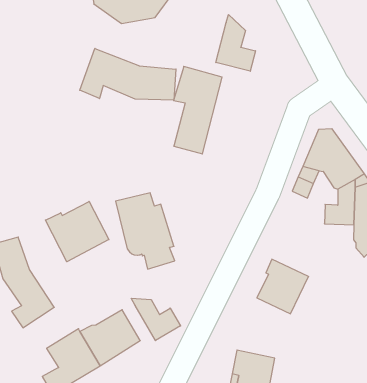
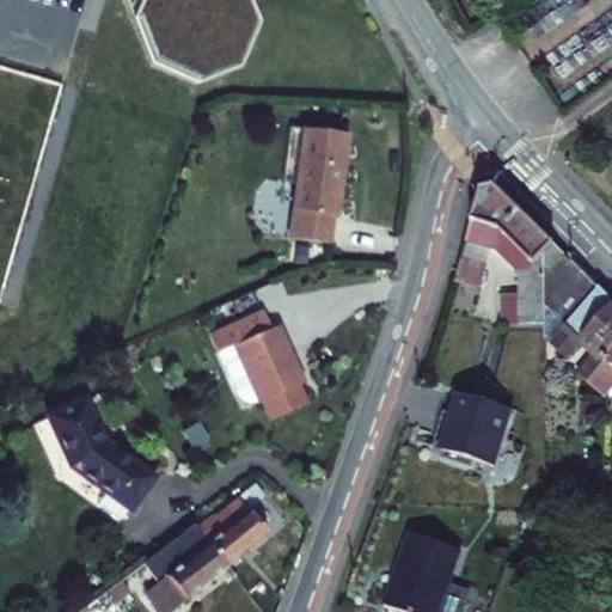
building: [216,15,255,71] -> none
building: [80,48,176,100] -> none
building: [45,201,109,262] -> none
building: [131,298,181,341] -> none

